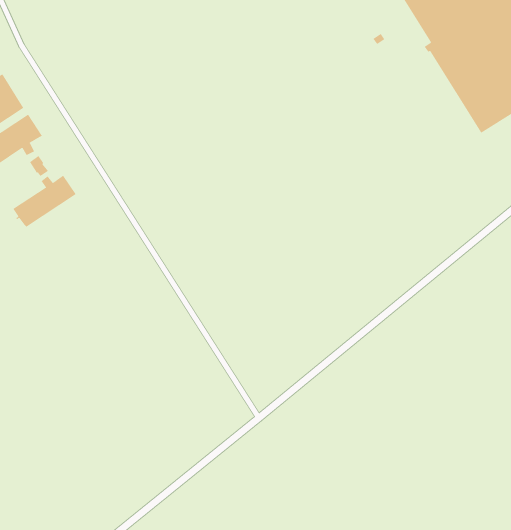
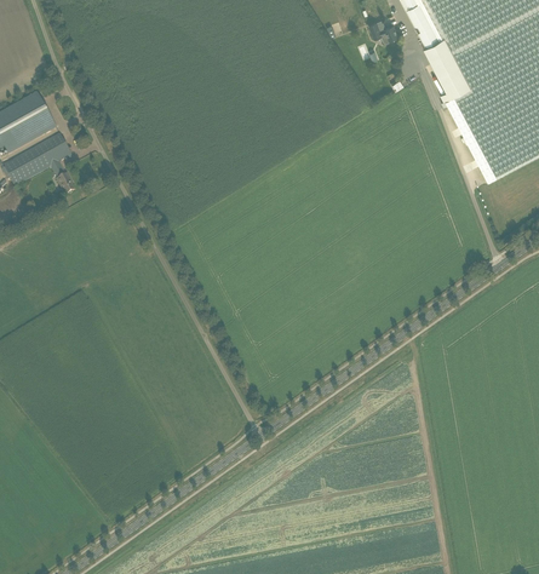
building: [13,175,76,227] -> none

